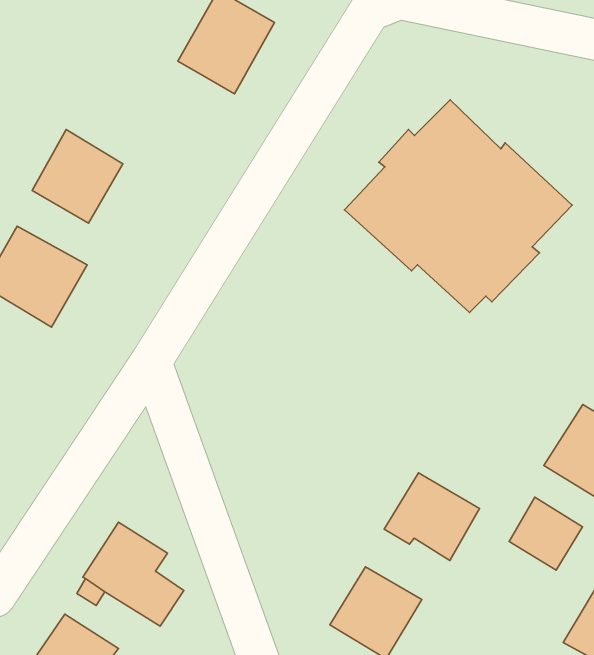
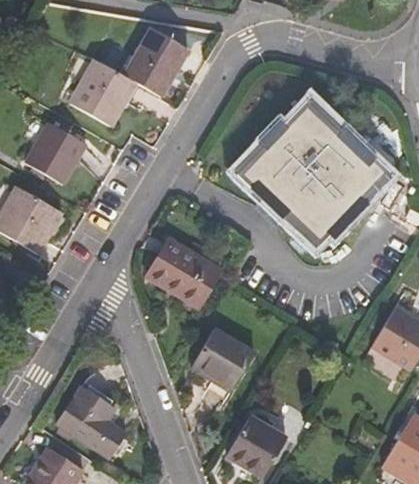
building: none -> [69,59,135,126]
building: none -> [146,239,220,306]
building: [384,473,480,561] -> [190,328,254,387]
building: [509,497,582,570] -> none

